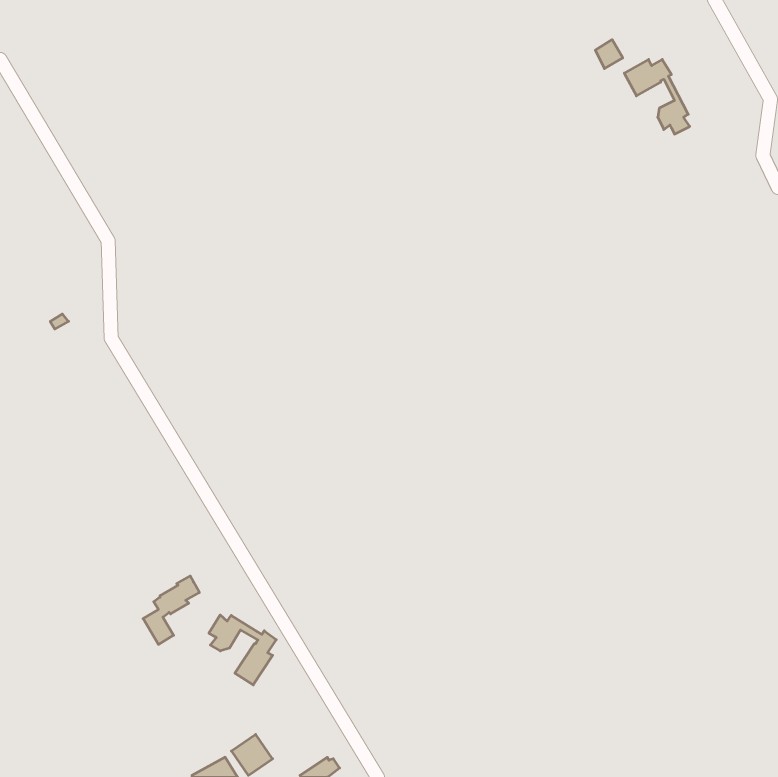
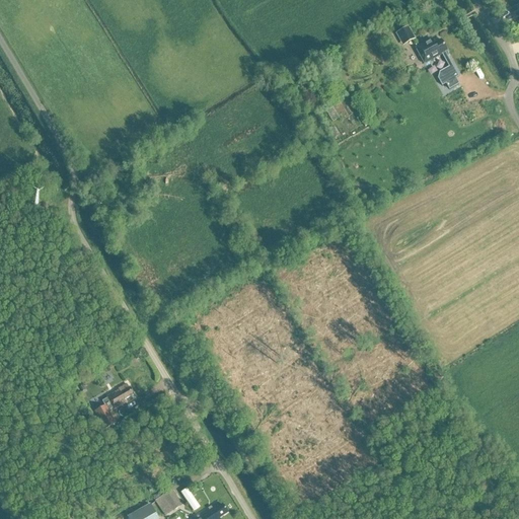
building: [209,615,276,685] -> none

